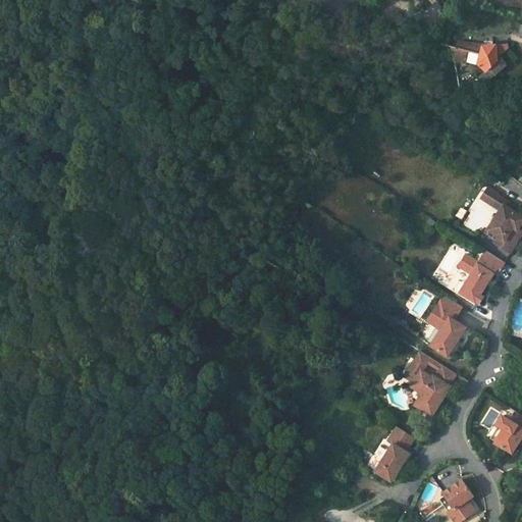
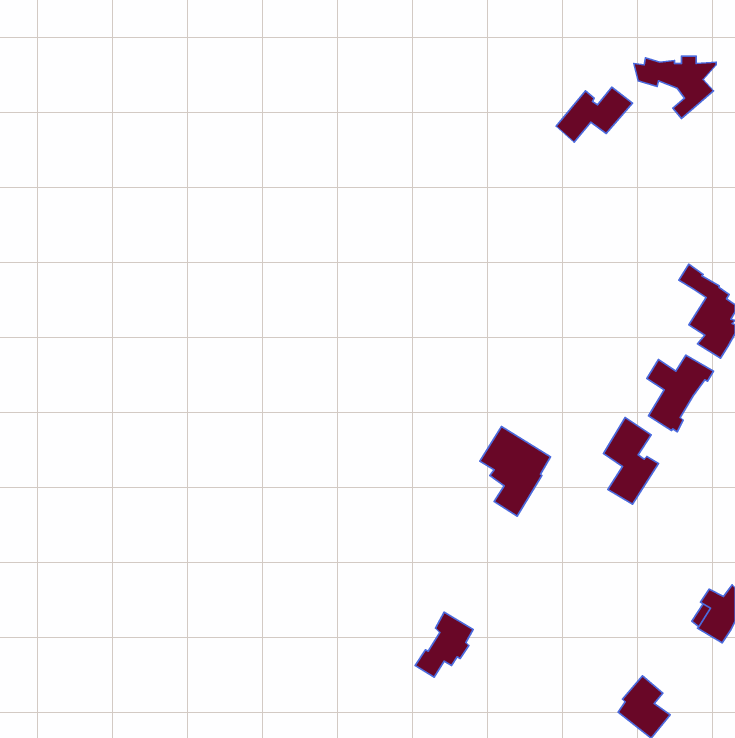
building: none -> [556,87,633,142]
building: [406,353,456,416] -> [480,426,551,516]
building: [373,427,414,473] -> [415,612,473,677]

